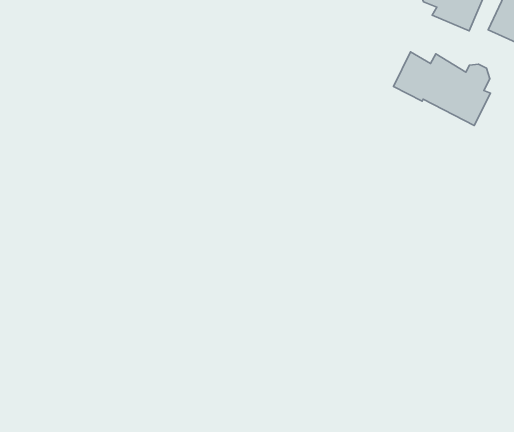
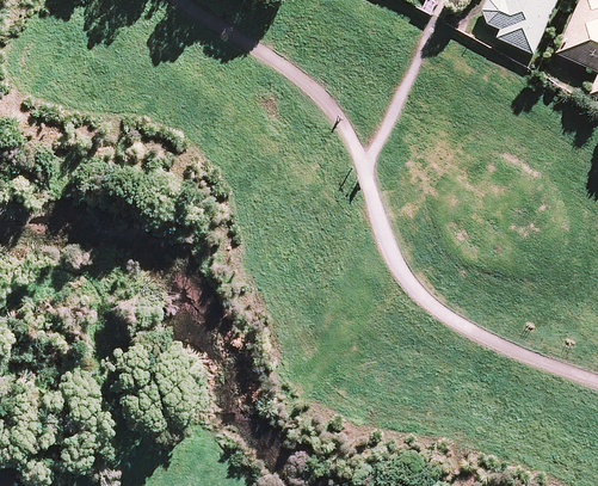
building: [393,52,491,126] -> none

